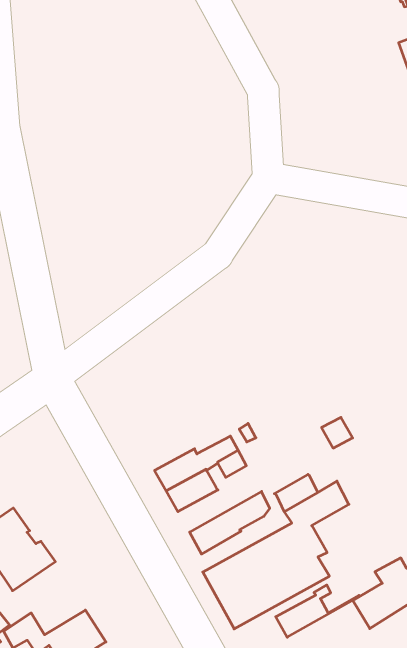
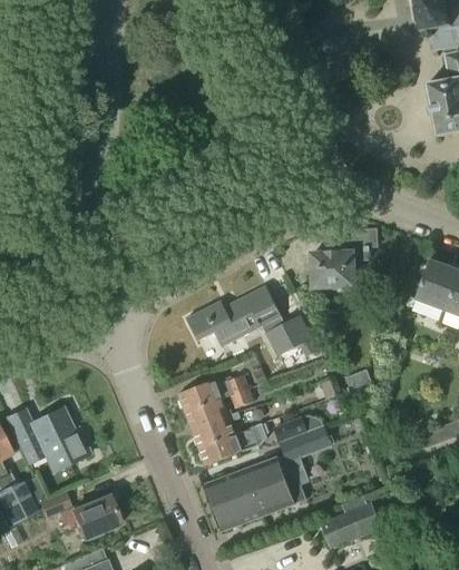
building: none -> [312,228,378,286]
building: none -> [186,285,318,355]
building: [276,585,359,637] -> [193,410,262,446]

